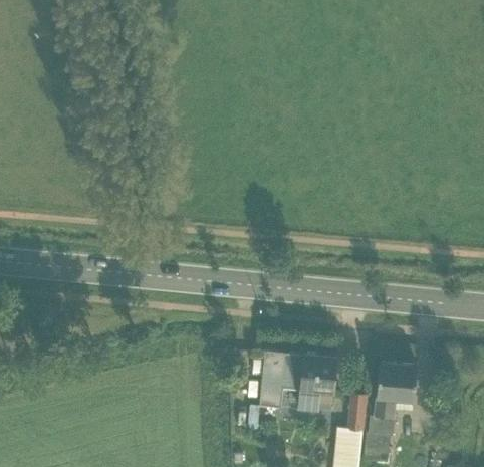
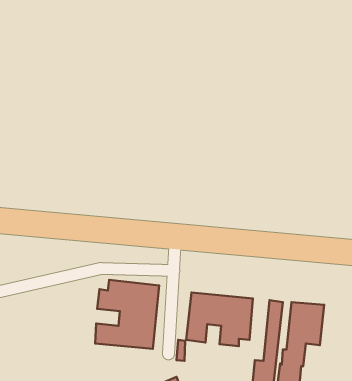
building: none -> [95,280,159,349]

